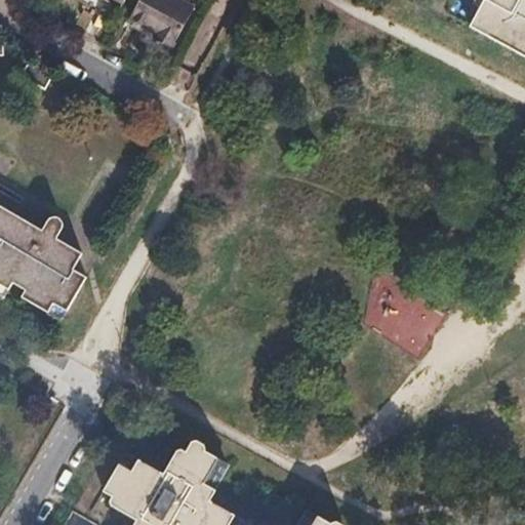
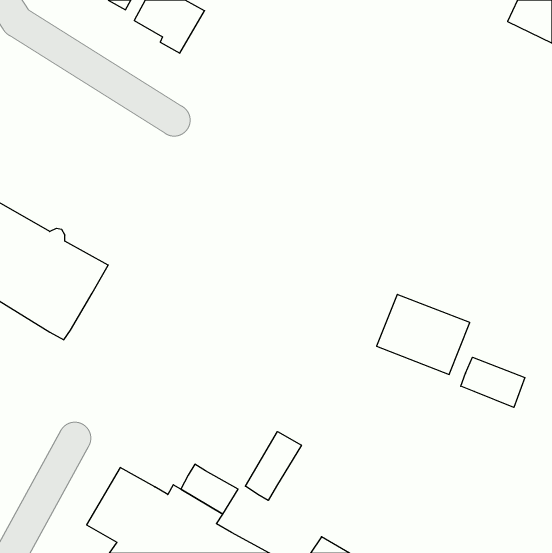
building: none -> [461,357,525,407]
building: none -> [245,432,301,500]

